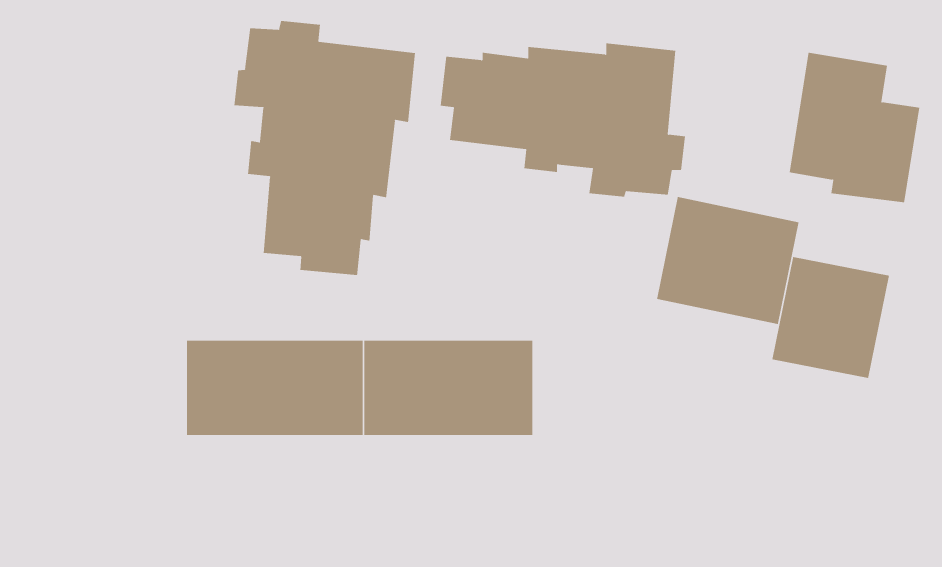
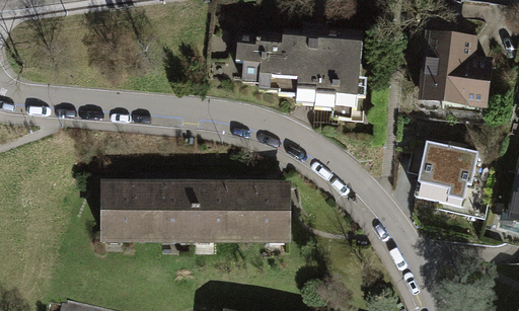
building: [234,20,416,276] -> none
building: [657,196,799,325] -> none

